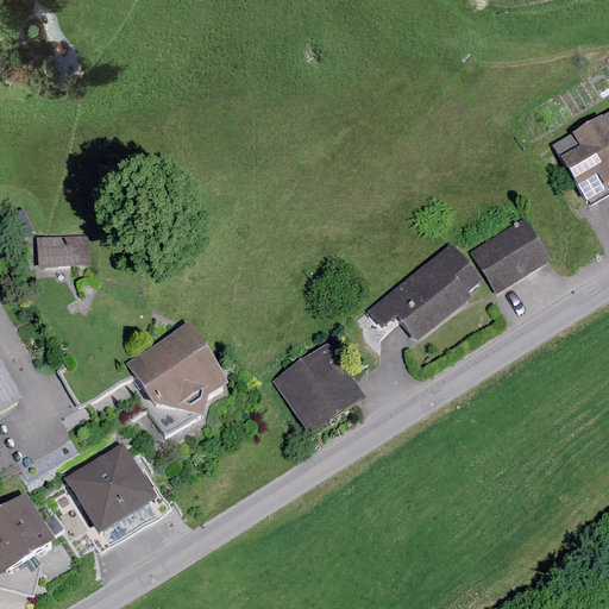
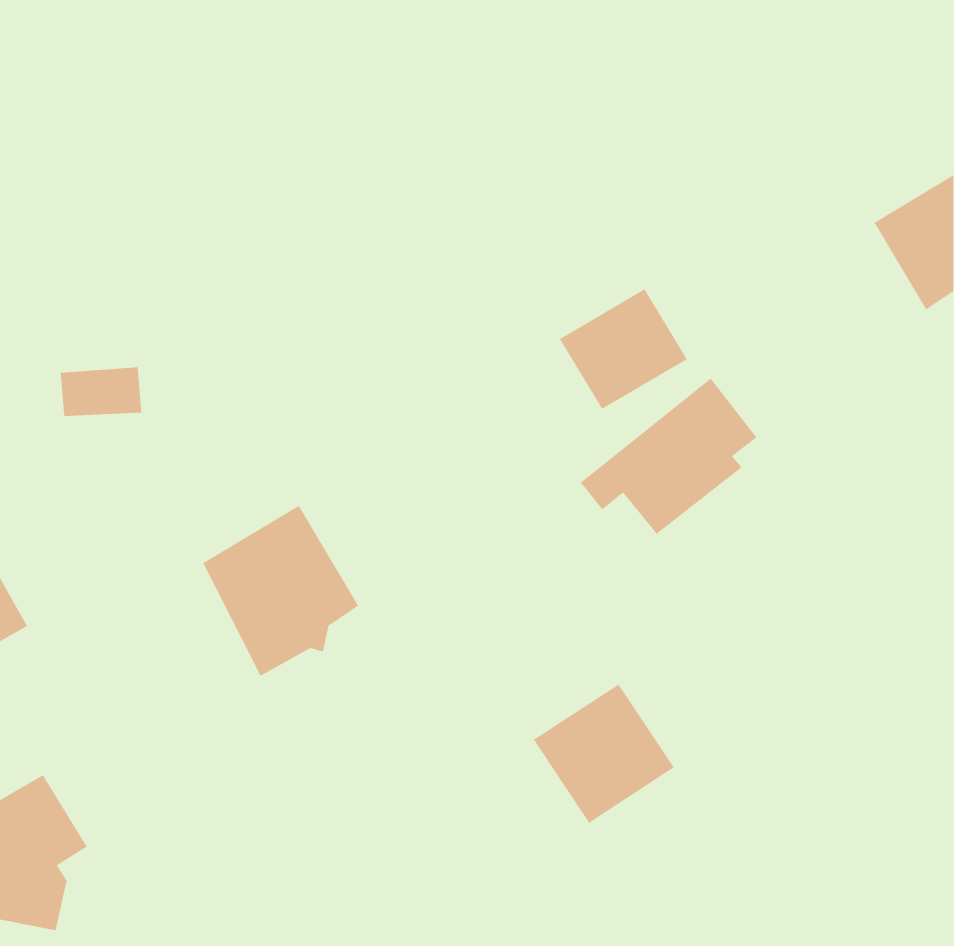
building: [470,219,552,296] -> [559,288,688,410]
building: [275,344,365,433] -> [533,684,675,824]
building: [65,442,155,532] -> none

